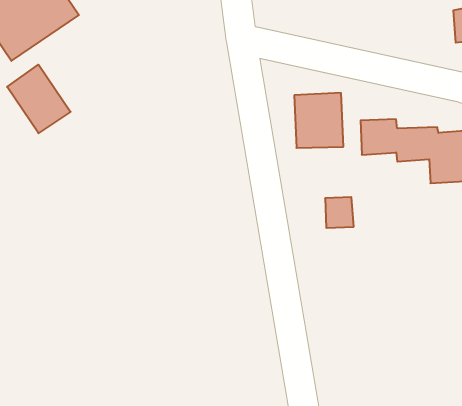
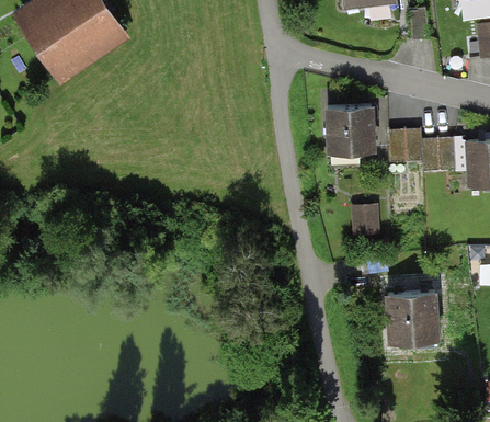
building: [7,65,71,133] -> none
building: none -> [386,295,442,351]

